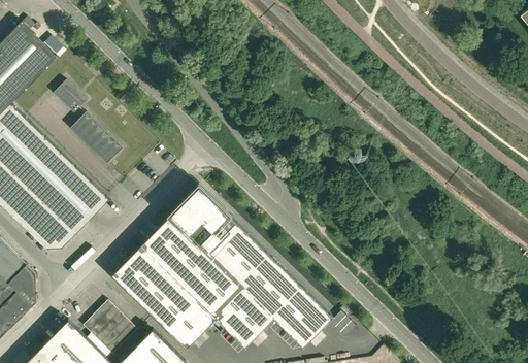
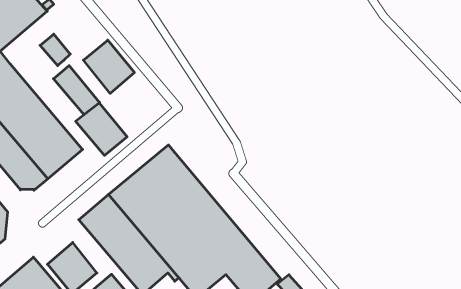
building: none -> [83,40,134,93]
building: none -> [76,103,127,155]

